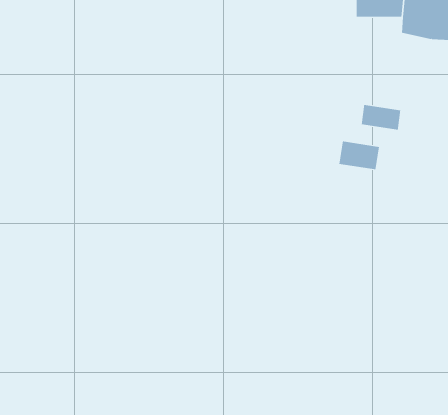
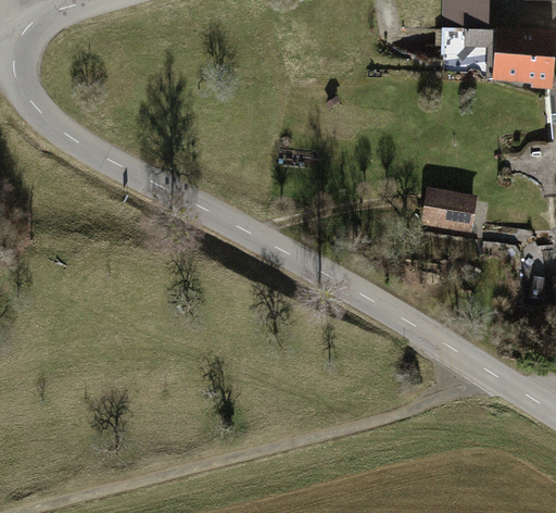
building: [361,104,401,131] -> none

